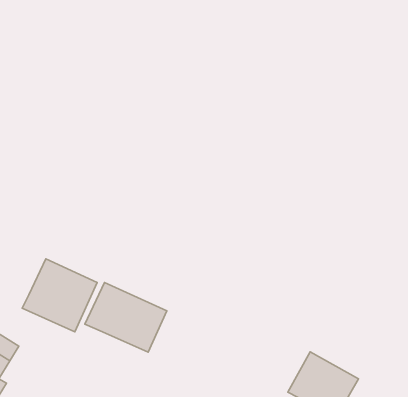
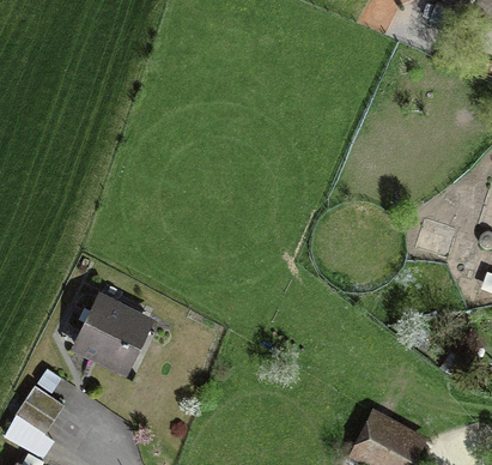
building: [85,283,167,352] -> none

